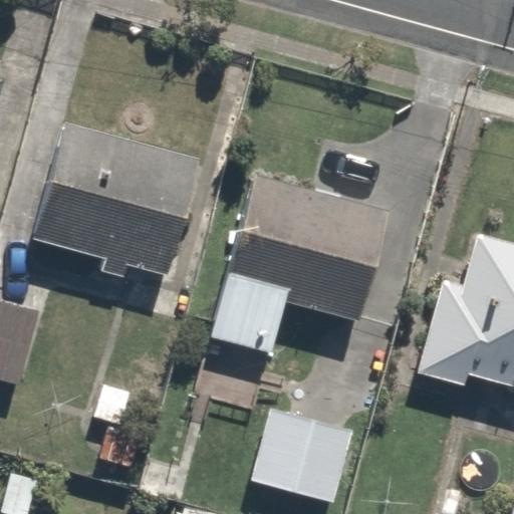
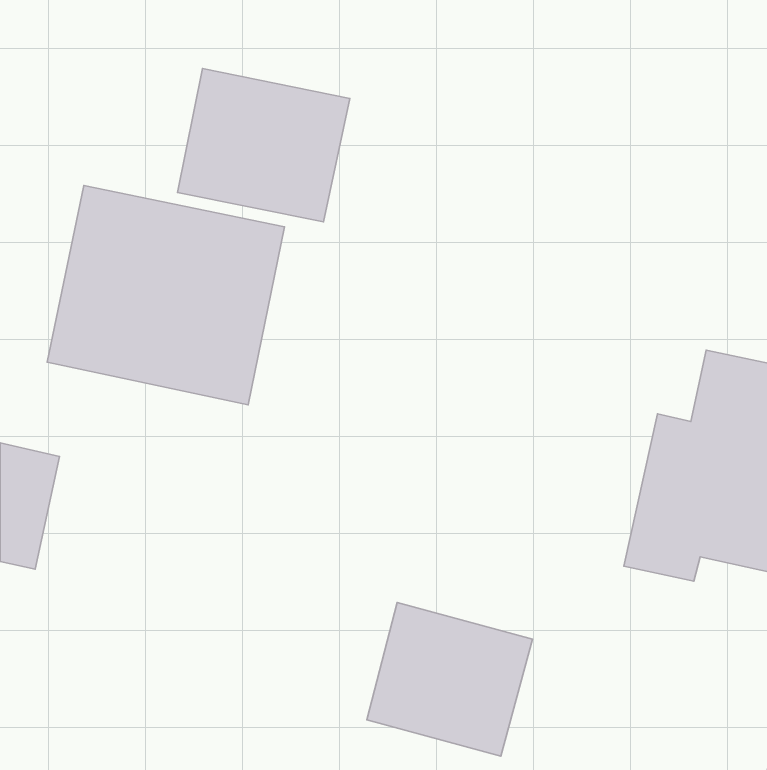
building: none -> [178,68,350,222]
building: [215,181,376,354] -> none

